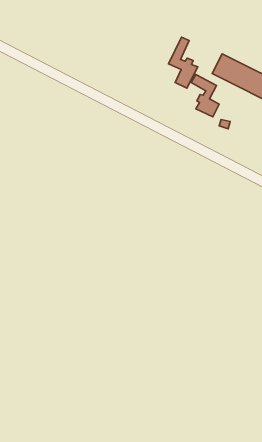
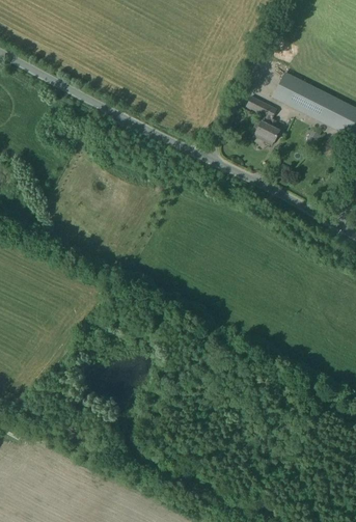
building: [169,37,198,88] -> none

